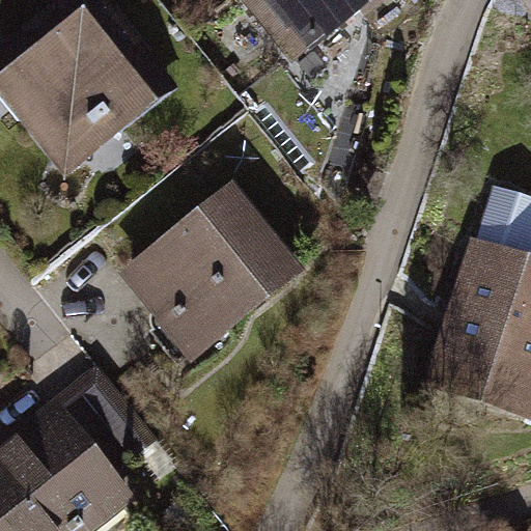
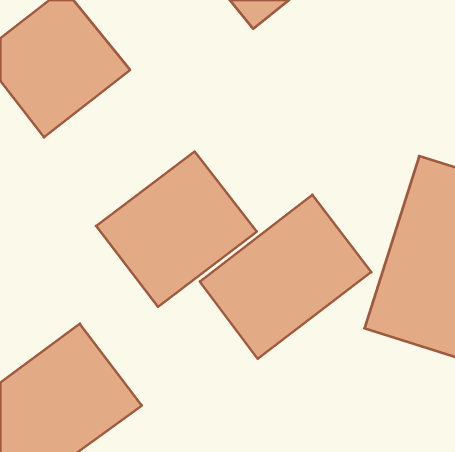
building: none -> [200,195,371,359]

